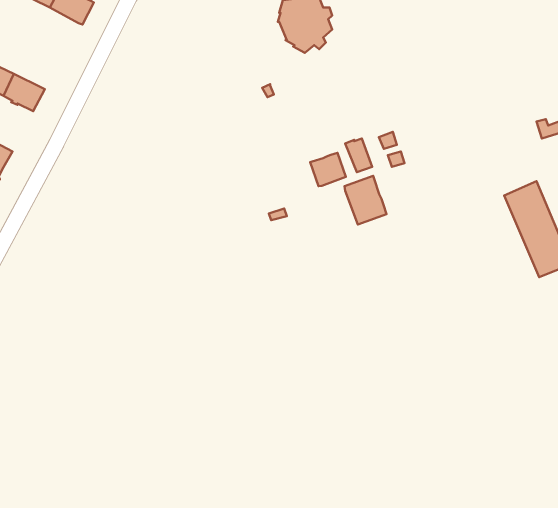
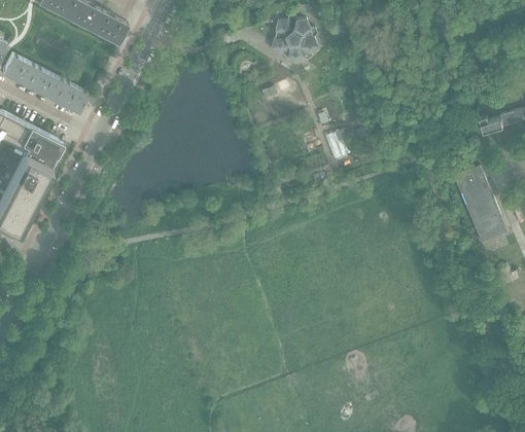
building: [310,153,346,186] -> none
building: [345,176,387,224] -> none

